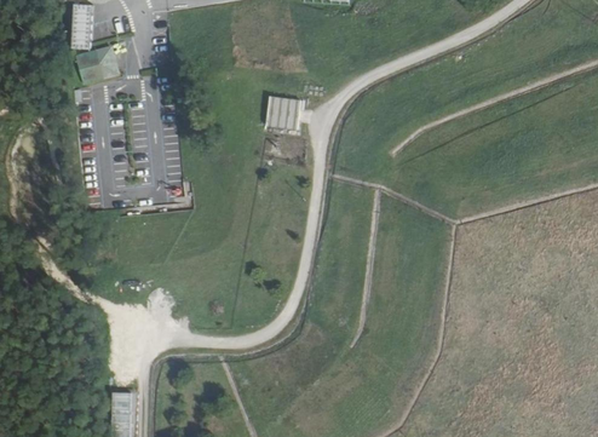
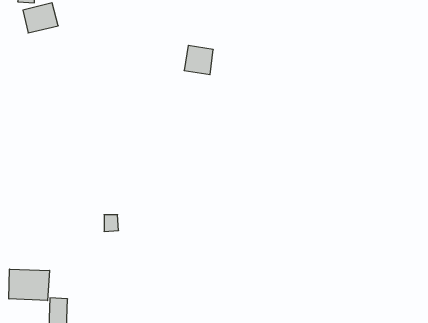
building: none -> [9,269,50,301]

